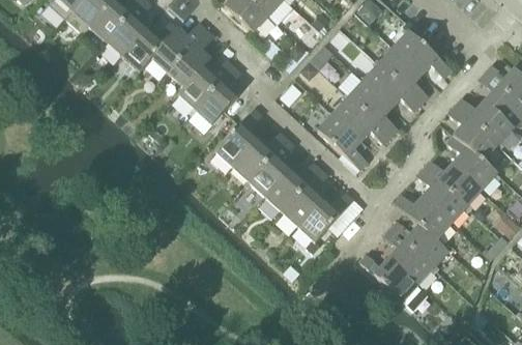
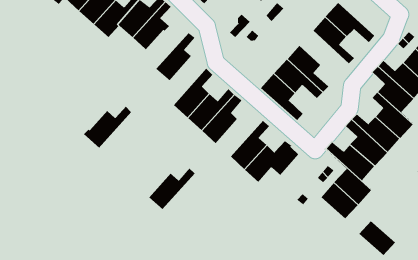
building: [176,59,233,109] -> [83,106,132,148]
building: [363,64,421,111] -> none
building: [265,162,320,211] -> [148,167,195,210]
building: [373,259,416,300] -> [359,221,396,256]

